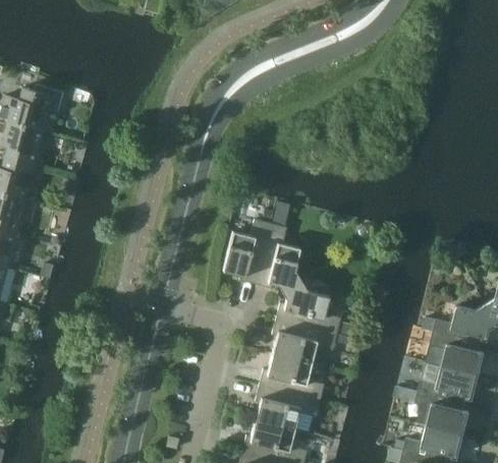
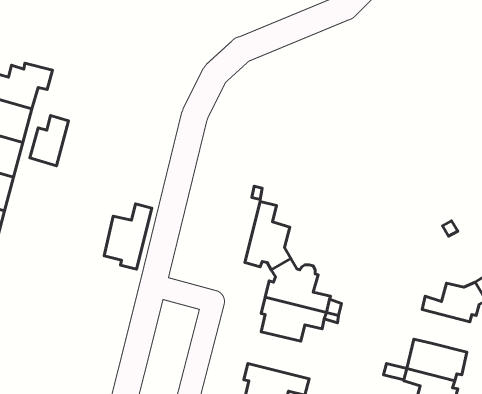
building: none -> [30,116,69,166]
building: [224,220,272,285] -> [104,204,152,269]
building: [430,332,485,374] -> none
building: [260,354,325,401] -> none

